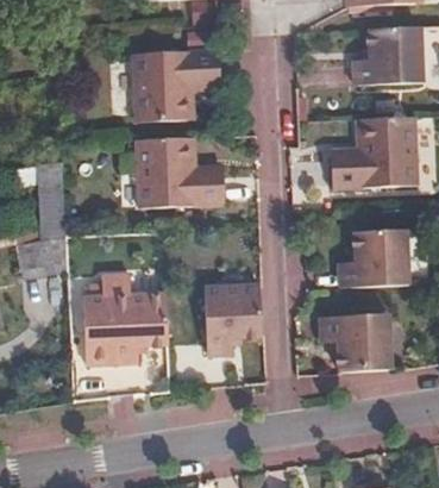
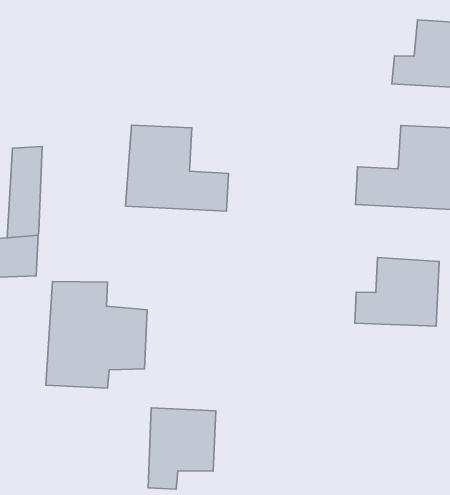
building: [133,48,220,120] -> none
building: [205,284,262,355] -> [148,408,216,489]
building: [321,313,391,370] -> none

